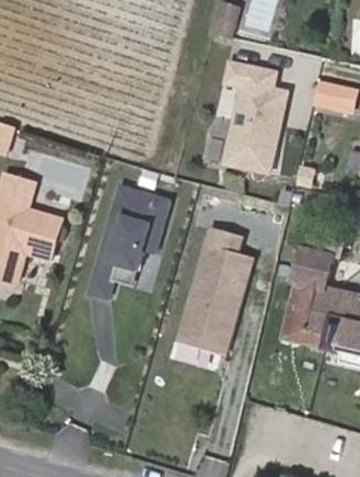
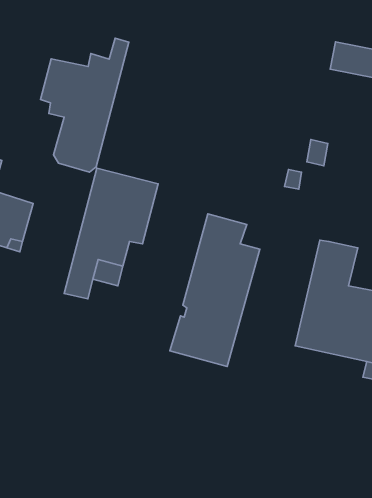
building: [224,61,283,170] -> none
building: none -> [40,38,129,172]

